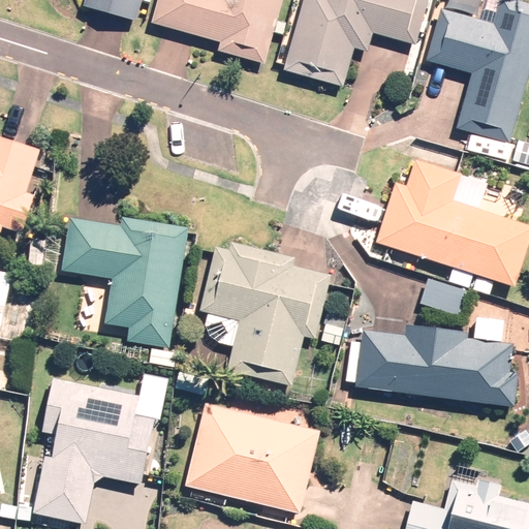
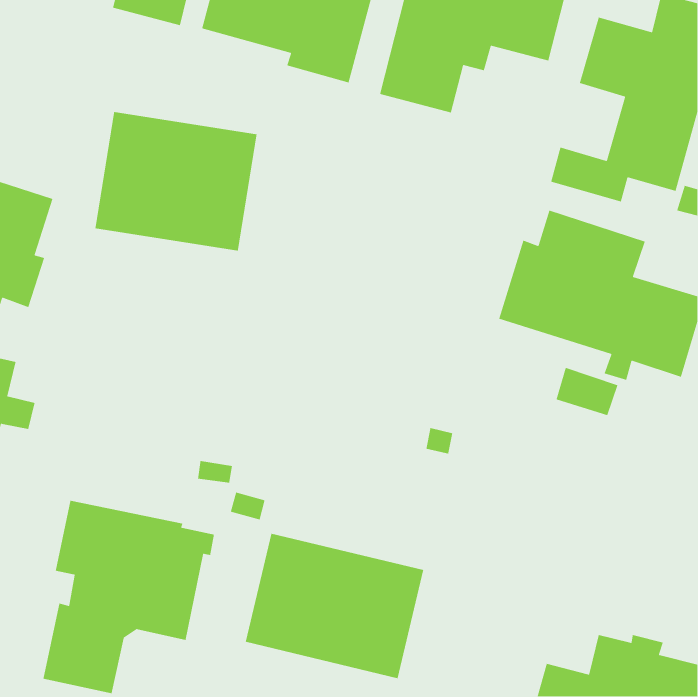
building: none -> [95,111,257,252]
building: [62,216,188,347] -> none
building: [199,241,331,384] -> none
building: [345,323,519,406] -> none

